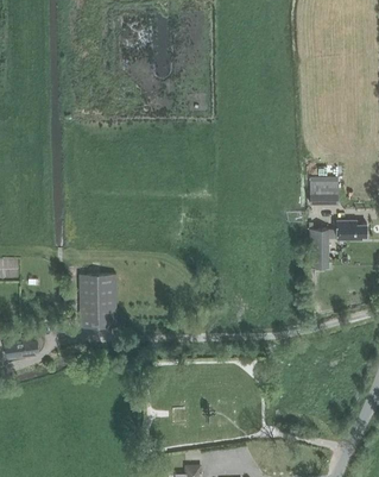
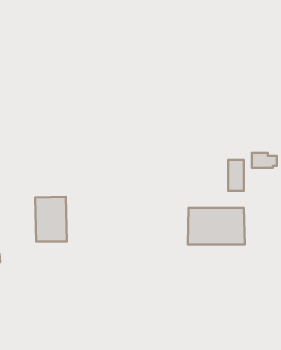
building: [310,181,339,205] -> none
building: none -> [188,208,245,244]

